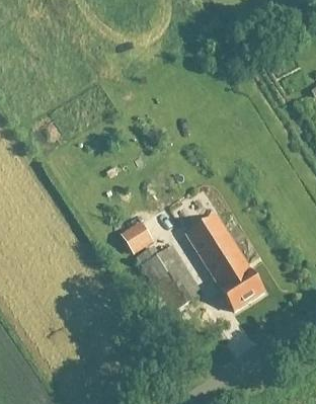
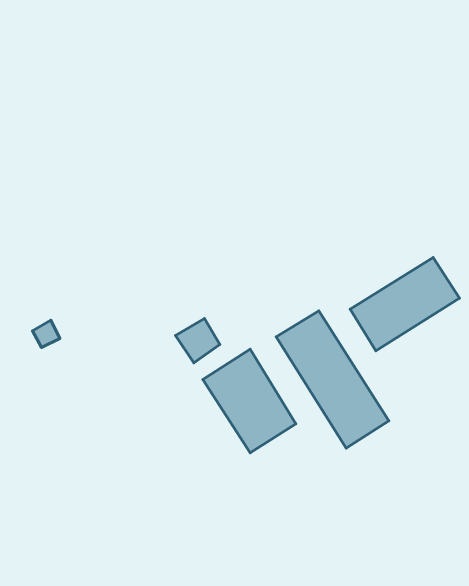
building: none -> [350,257,460,351]

